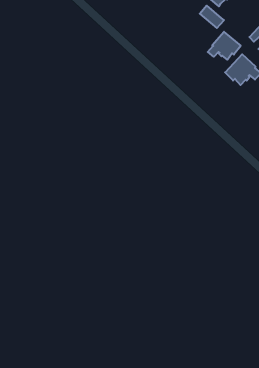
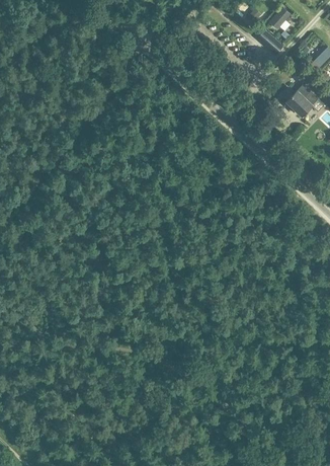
building: [208,32,241,60] -> none

